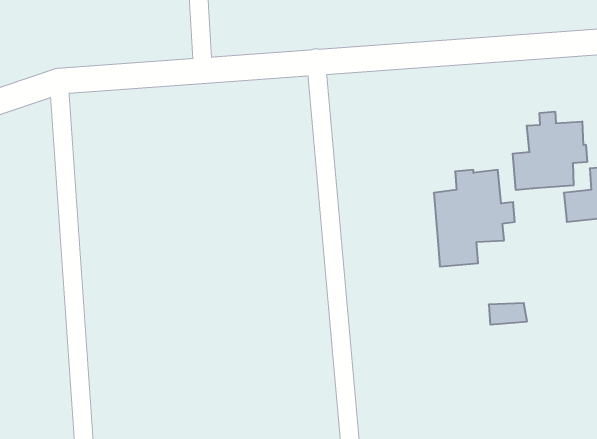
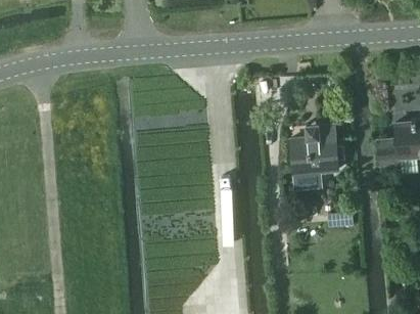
building: [513,112,587,190] -> none

